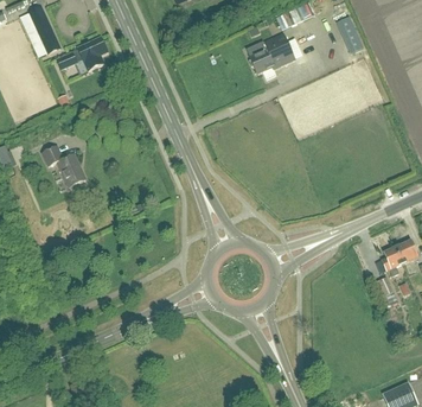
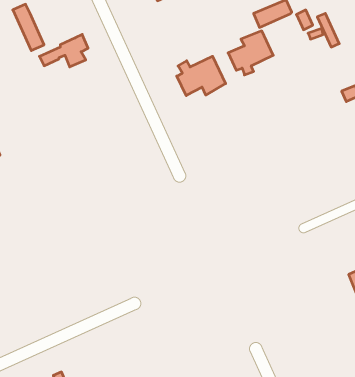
building: none -> [177,56,226,96]
building: [41,145,85,186] -> none

